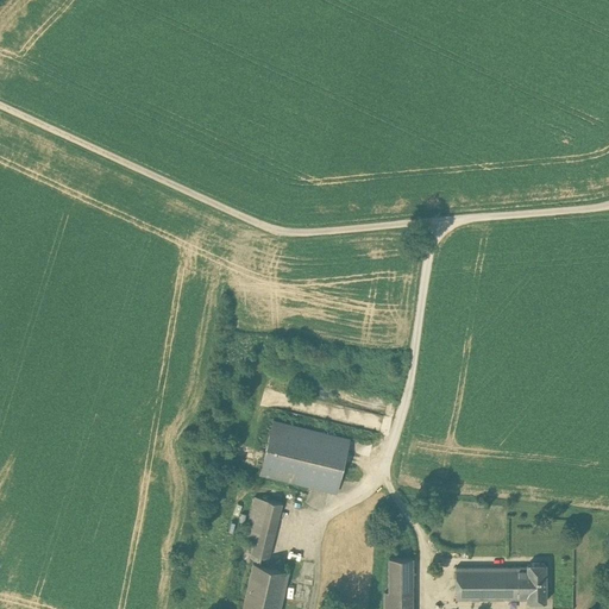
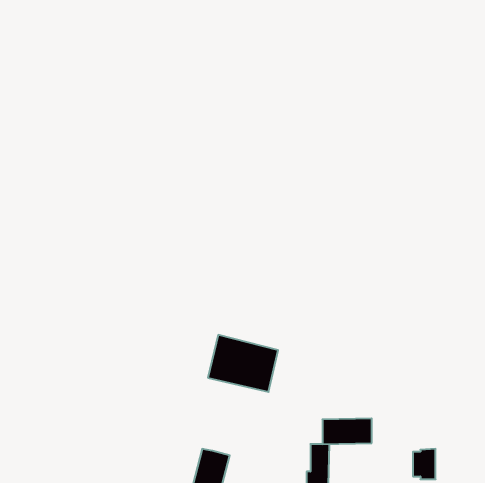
building: [244,498,282,567] -> none
building: [456,569,517,601] -> [322,418,372,444]

